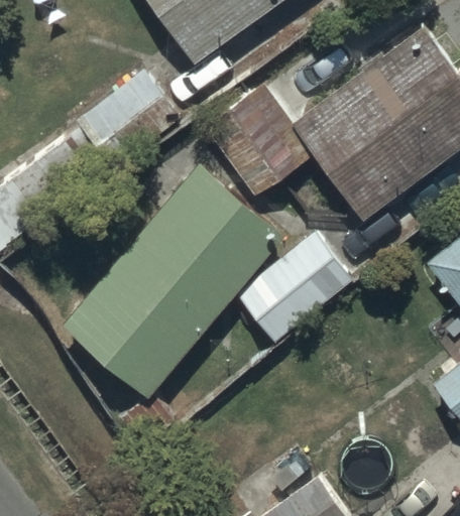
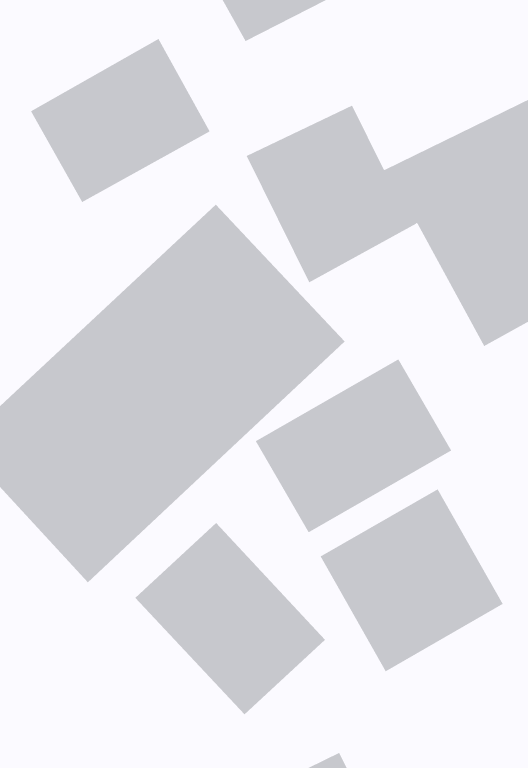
building: none -> [320,488,504,672]
building: none -> [135,522,326,715]

